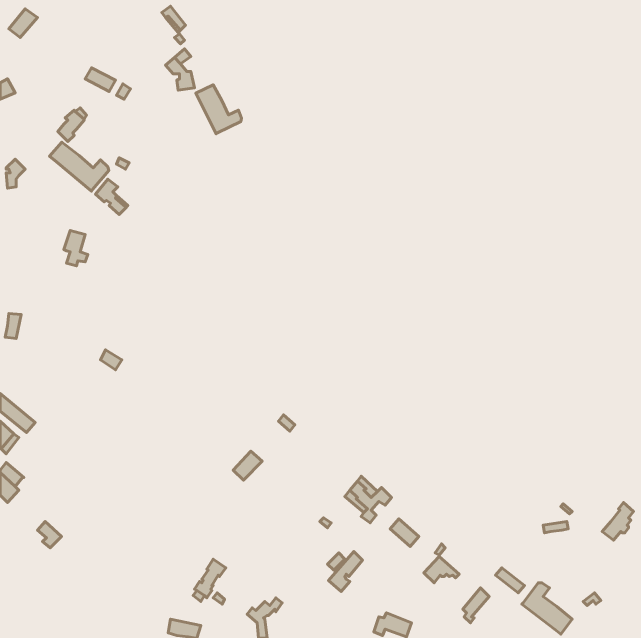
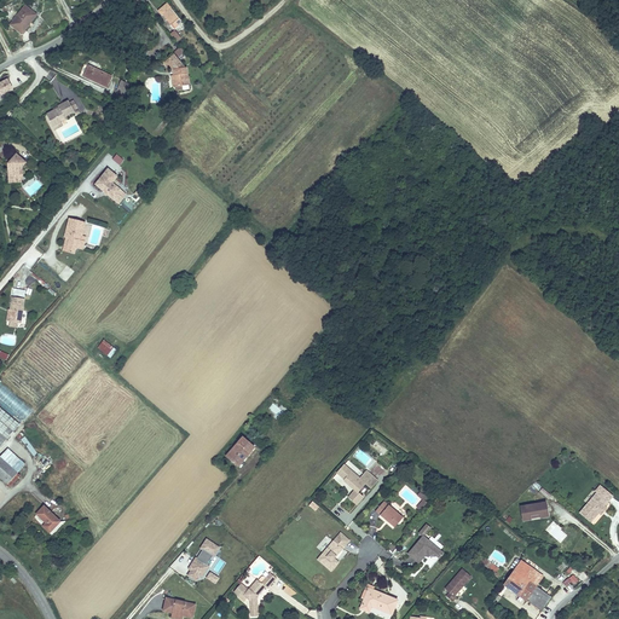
building: [196,85,242,134] -> none
building: [50,142,109,191] -> none

